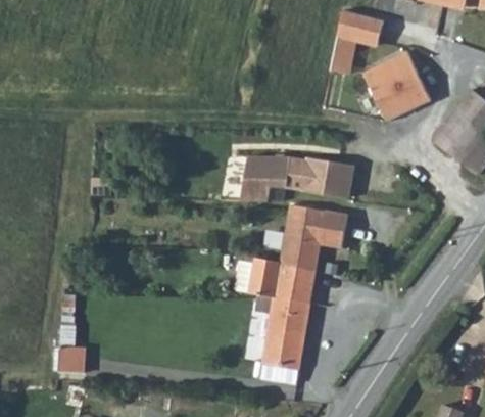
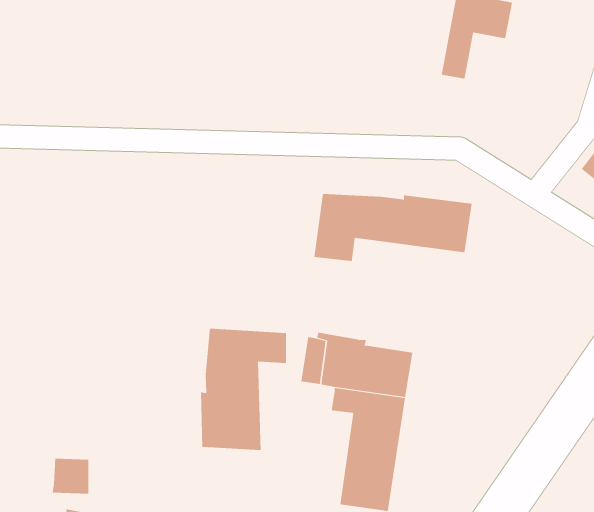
building: [362,51,431,123] -> none
building: [280,202,346,269] -> none
building: none -> [201,328,286,451]

